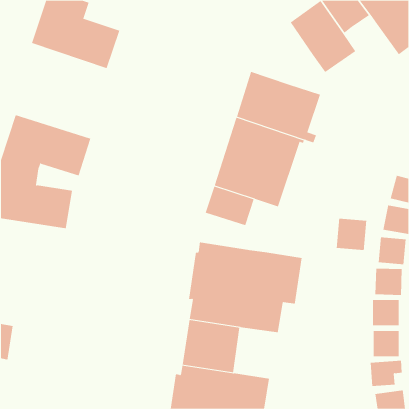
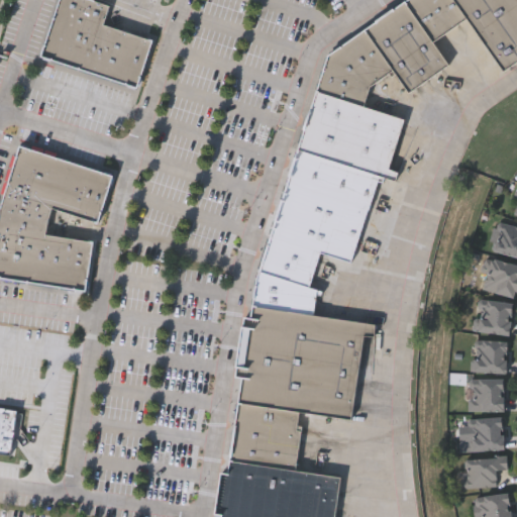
building: none -> [316,28,394,106]
building: none -> [251,269,319,315]
building: [336,218,367,251] -> none

